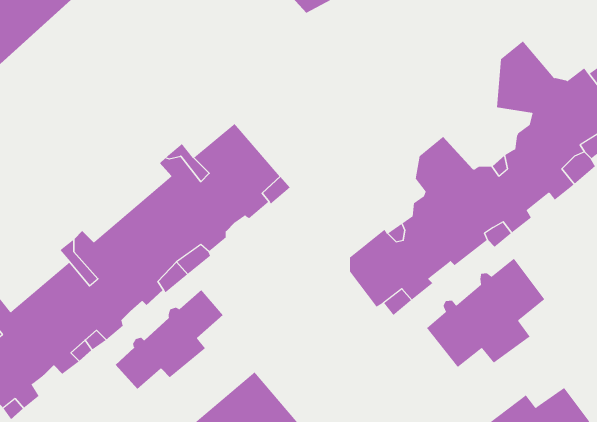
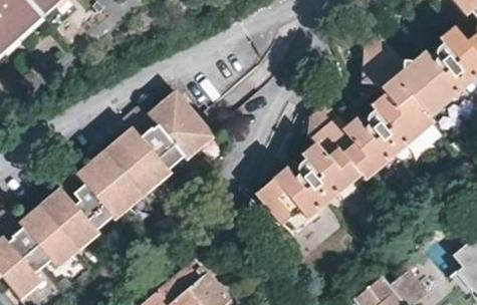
building: [426,258,545,368] -> none
building: [115,289,223,390] -> none

